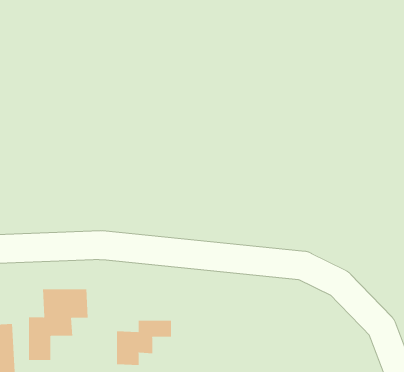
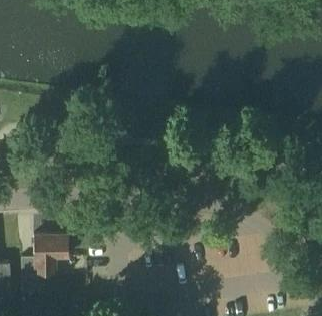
building: [116,320,172,366] -> none

